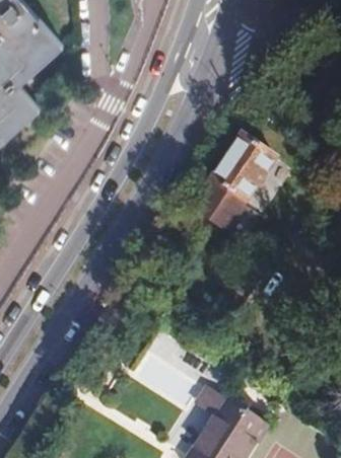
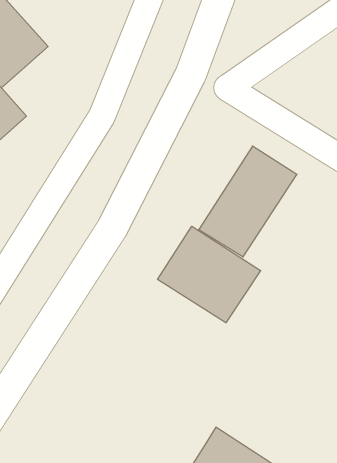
building: none -> [158,226,261,323]

